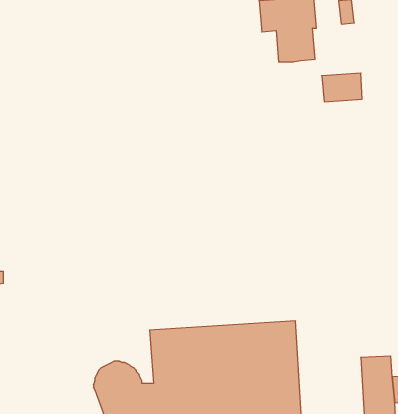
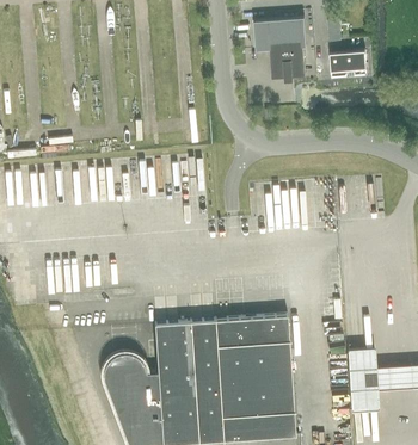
building: [322,73,362,102] -> [330,52,367,79]

